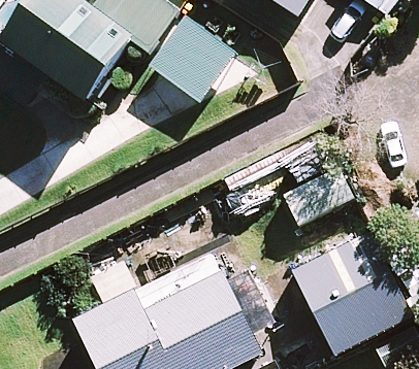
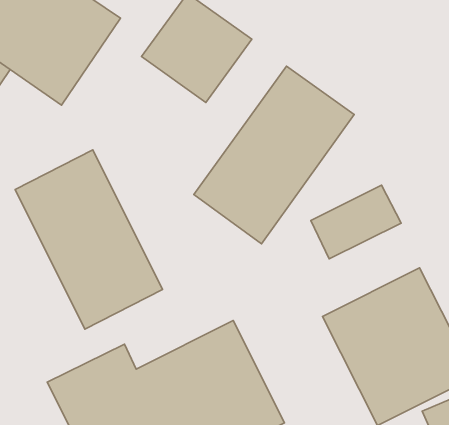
building: none -> [194,66,354,244]
building: none -> [15,150,162,329]

